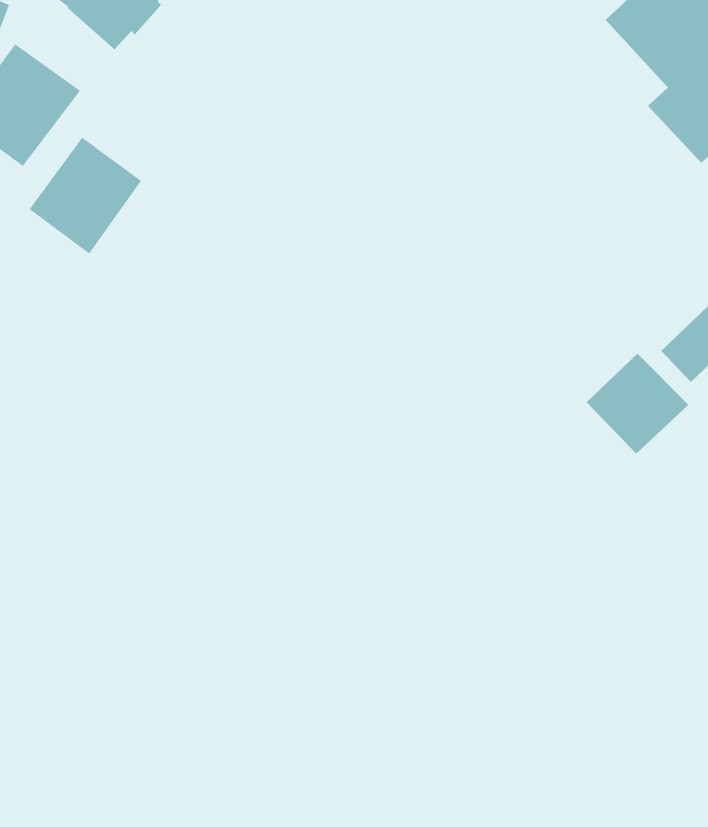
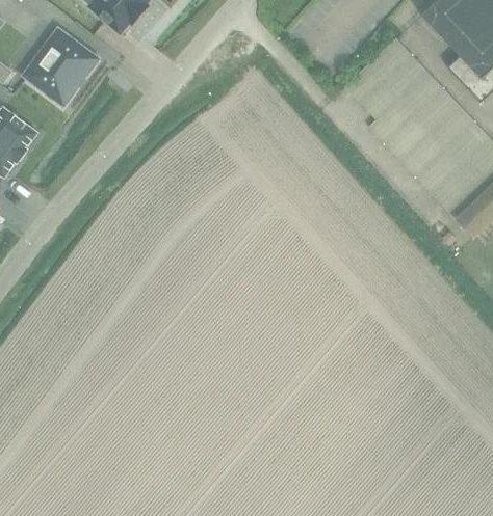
building: [29,137,142,255] -> none
building: [586,353,689,455] -> none

